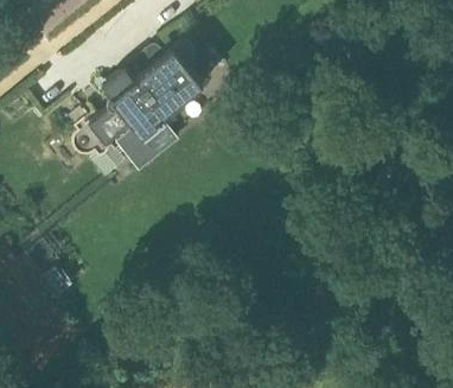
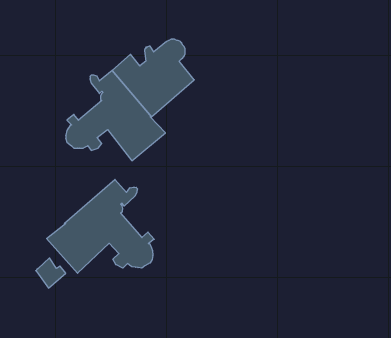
building: none -> [47,179,154,273]

